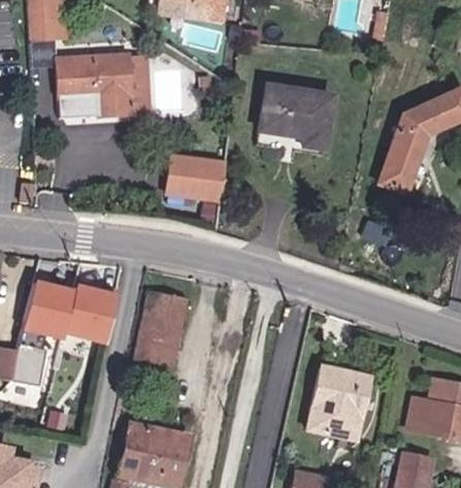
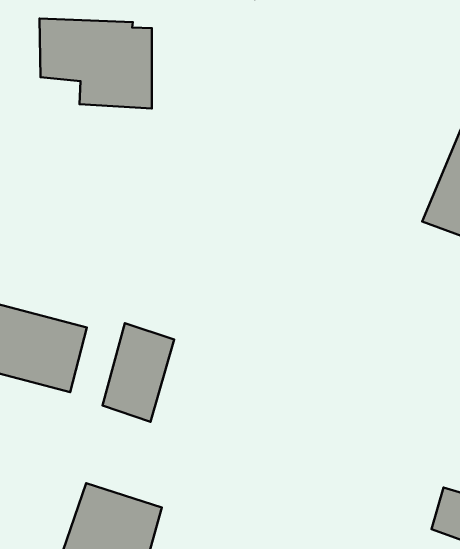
building: [258,82,331,150] -> none
building: [162,155,226,204] -> none
building: [304,363,371,442] -> none

